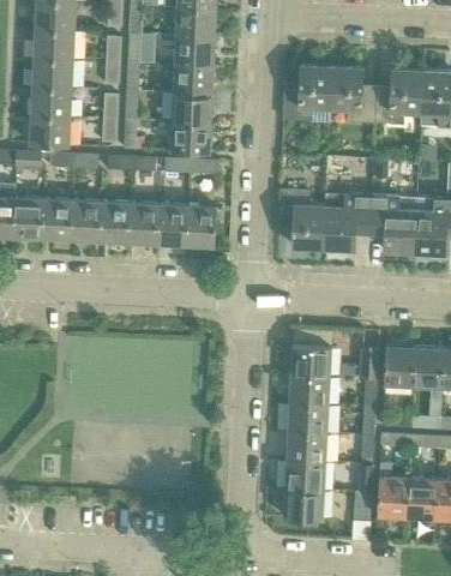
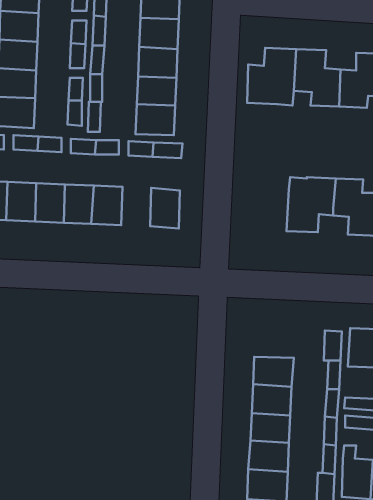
building: [277,190,325,248] -> none
building: [157,204,187,244] -> none
building: [290,344,331,376] -> none

